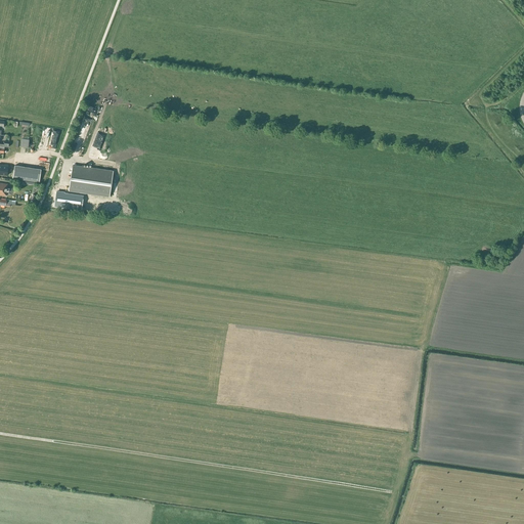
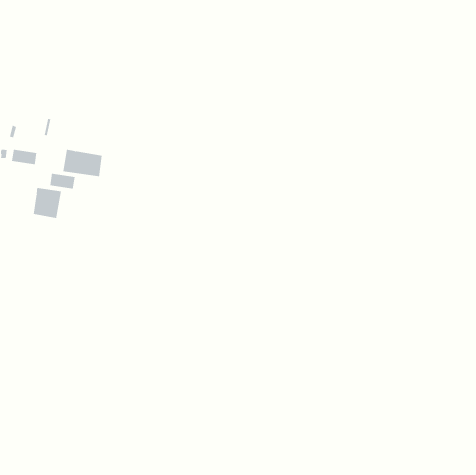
building: none -> [33,187,61,219]

